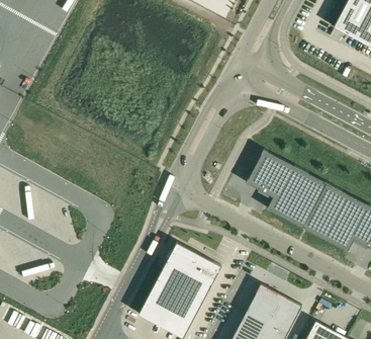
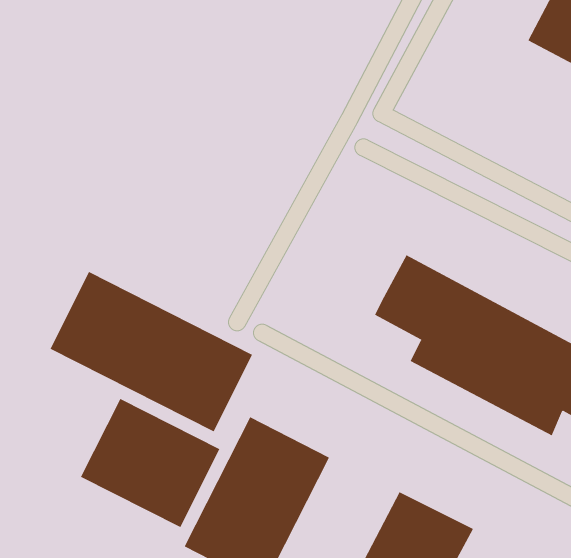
building: none -> [50,271,253,432]
building: none -> [80,398,220,528]

